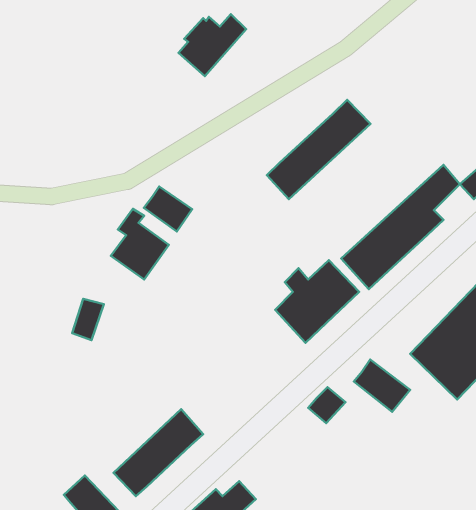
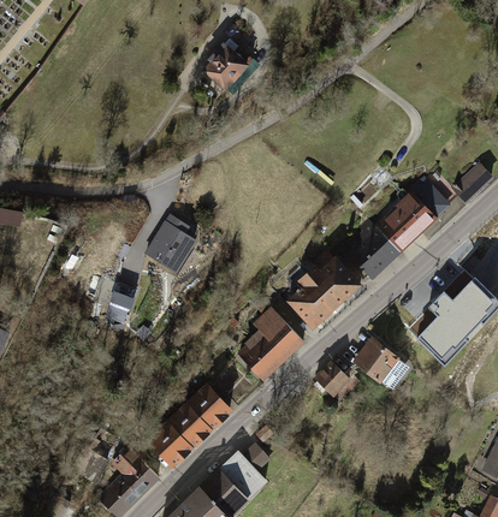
building: [267,100,370,199] -> none
building: [144,186,192,232] -> none
building: none -> [239,304,303,379]

